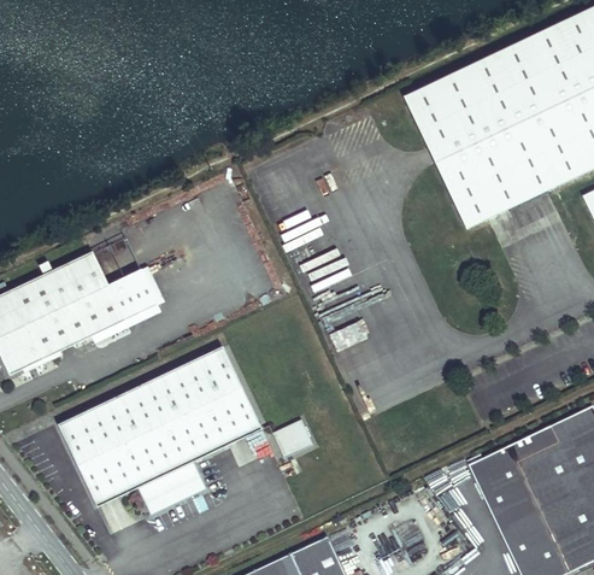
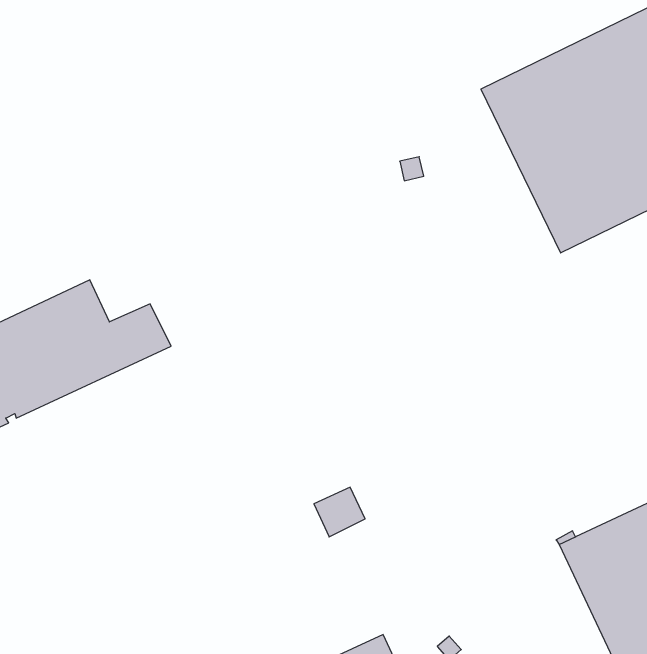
building: [58,345,261,514] -> none

